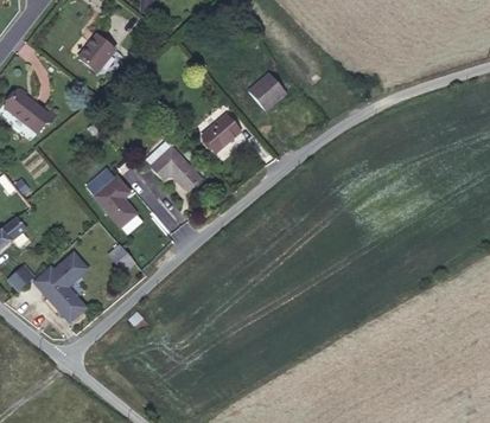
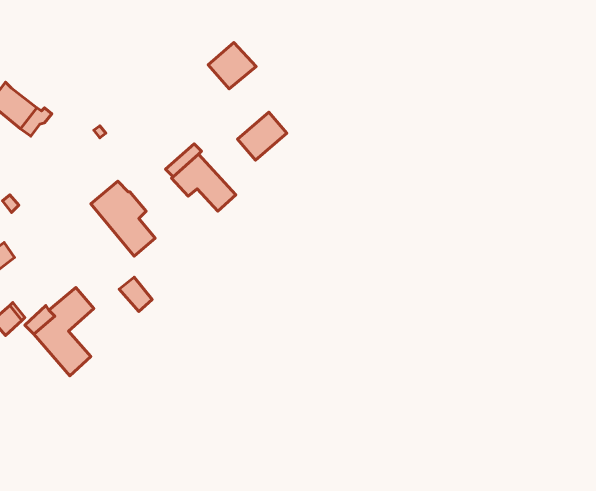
building: [78,36,115,72] -> none
building: [248,73,286,110] -> [208,42,256,89]

